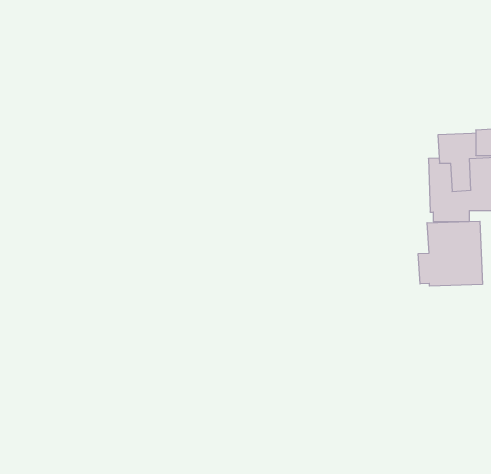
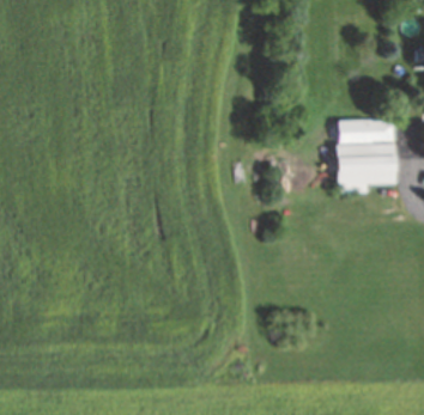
building: [418,221,482,286] -> none

